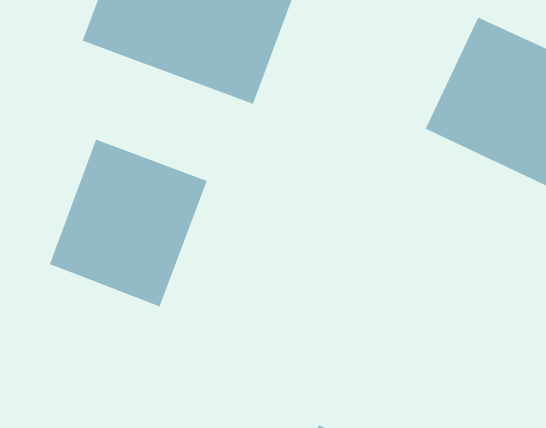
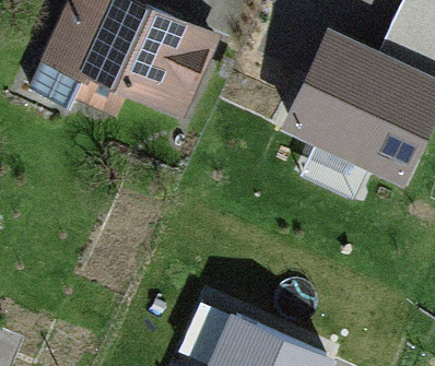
building: [49,139,207,307] -> none

